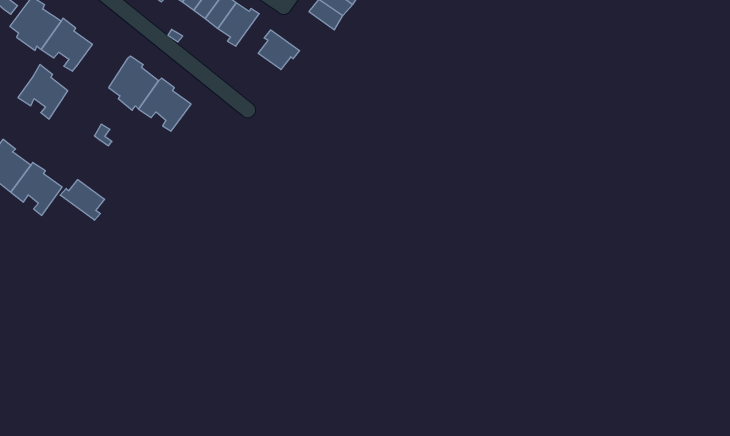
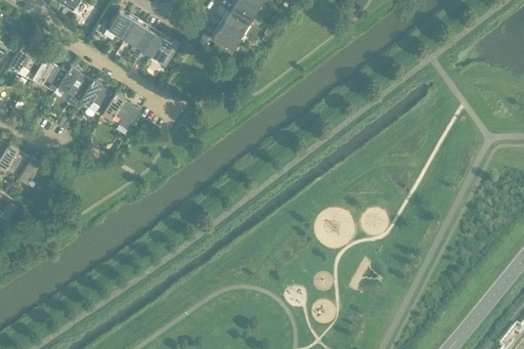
building: [258,30,300,70] -> none
building: [18,65,68,119] -> [56,66,90,102]
building: [60,180,105,220] -> none

